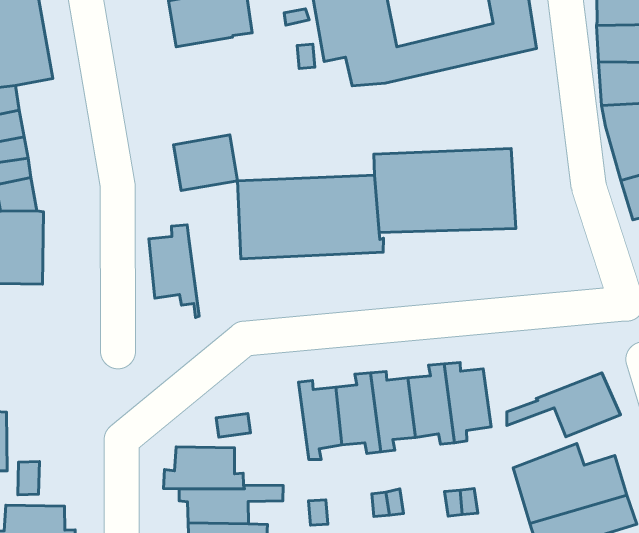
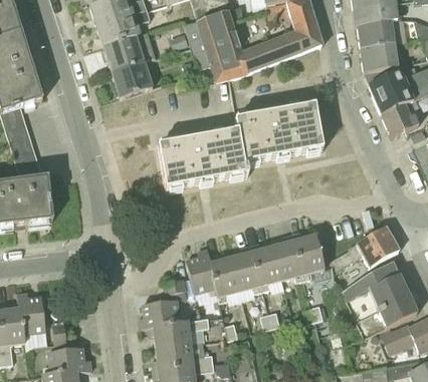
building: [173,135,238,191] -> [112,60,152,96]
building: [149,225,199,317] -> [186,248,221,301]

